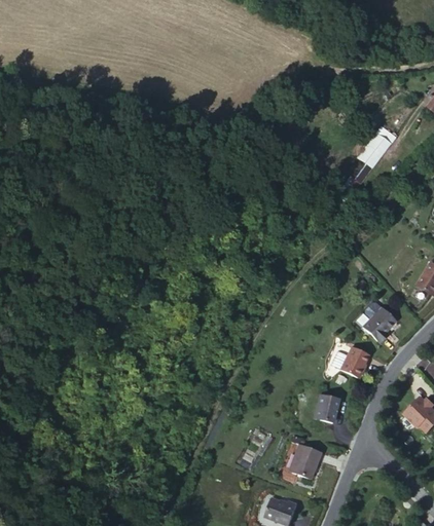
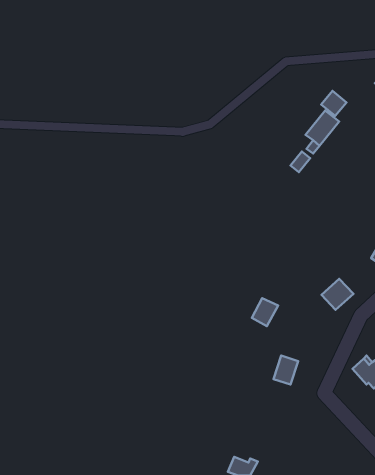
building: none -> [321,91,347,116]
building: [341,347,370,378] -> [252,298,278,326]
building: [287,450,318,484] -> none

